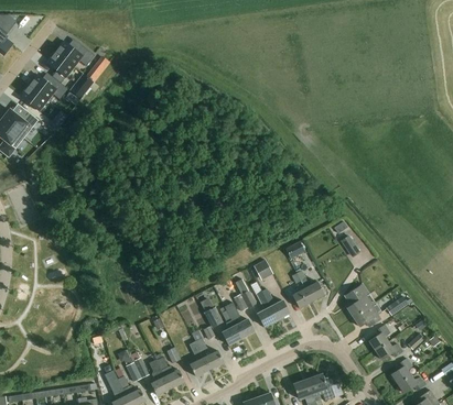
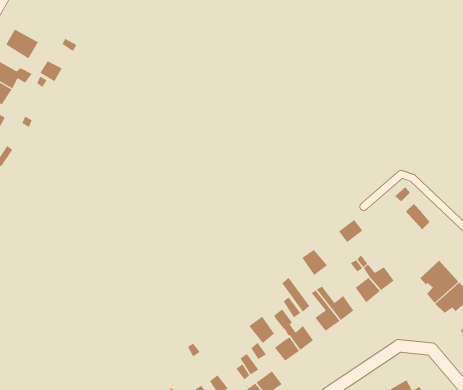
building: [55,40,90,65] -> none

